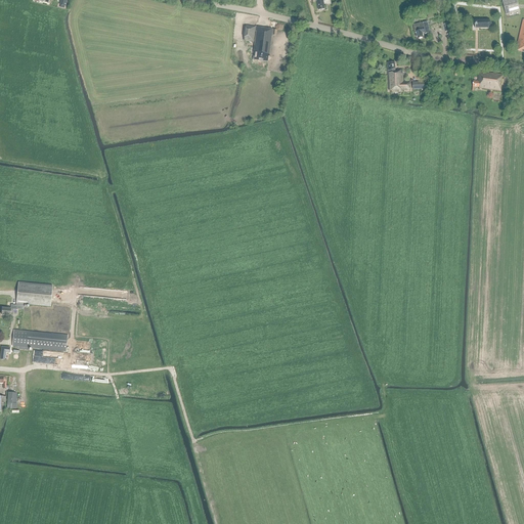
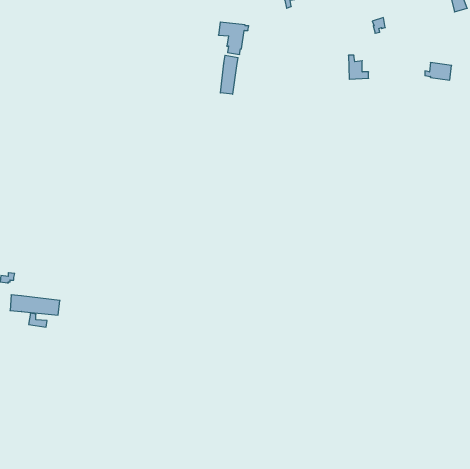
building: none -> [220,55,238,94]
building: [14,280,51,305] -> none

